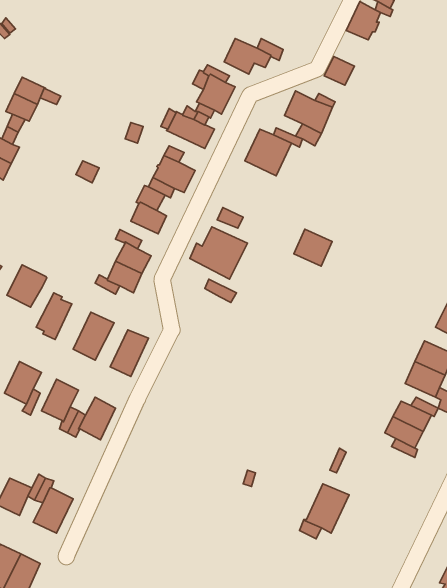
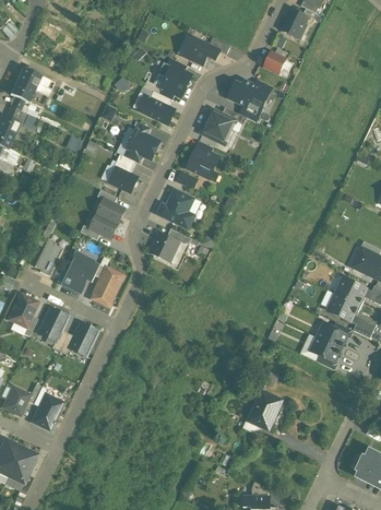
building: [294,229,332,266] -> [188,146,218,176]
building: [7,265,47,307] -> none
building: none -> [148,232,179,262]

